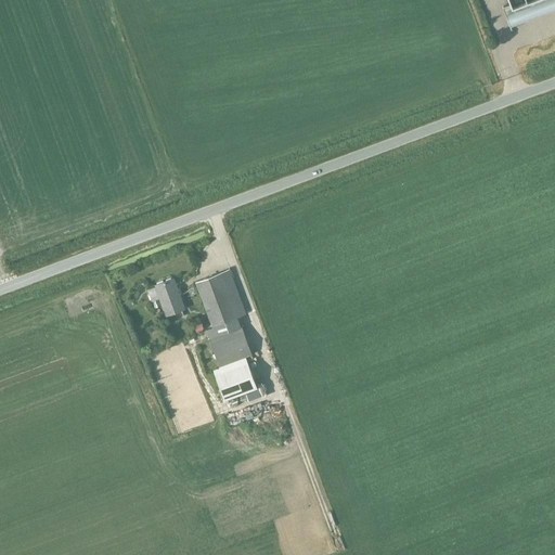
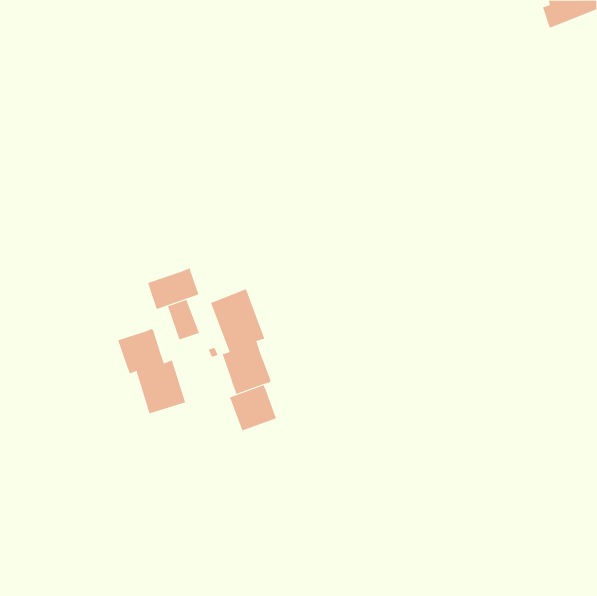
building: none -> [147,268,199,310]
building: none -> [117,328,186,414]

